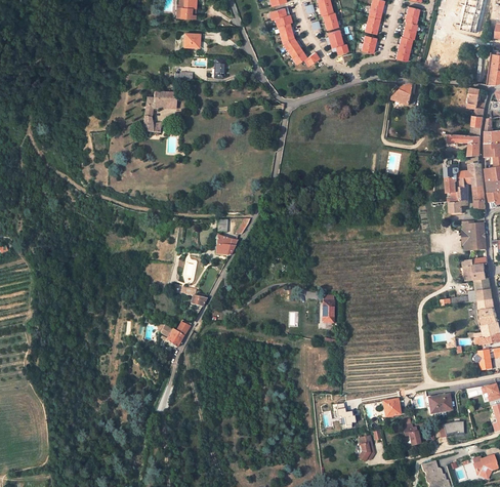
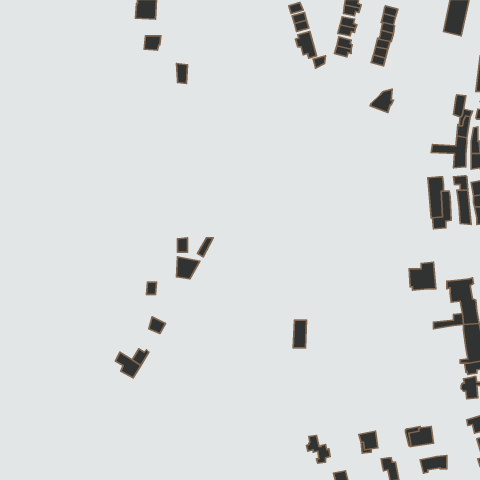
building: [269,7,319,66] -> none
building: [142,92,176,132] -> none
building: [462,222,487,248] -> [409,262,436,290]

